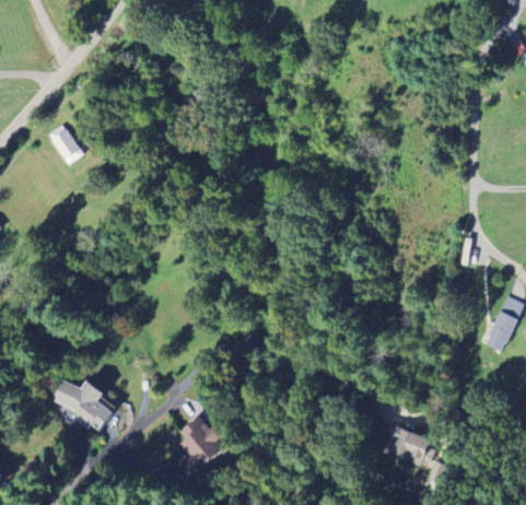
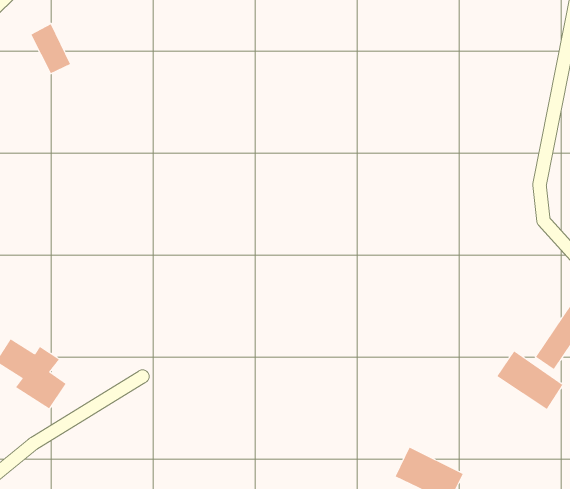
building: none -> [497,351,563,410]
building: [178,415,224,474] -> none

